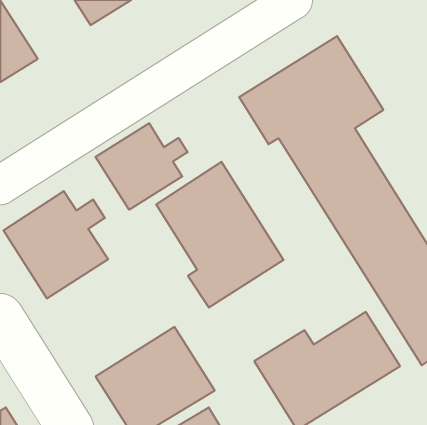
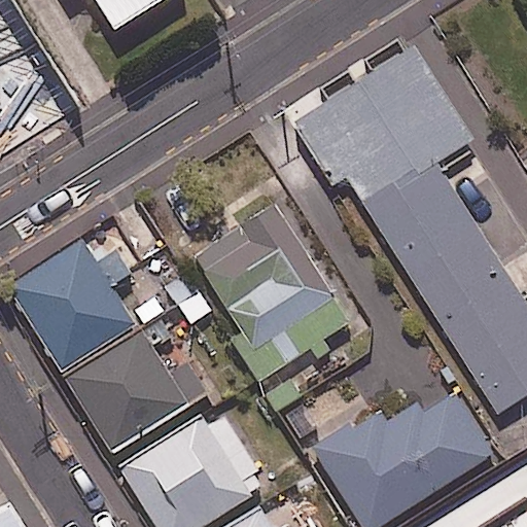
building: [95,123,188,210] -> none
building: none -> [65,319,207,451]

